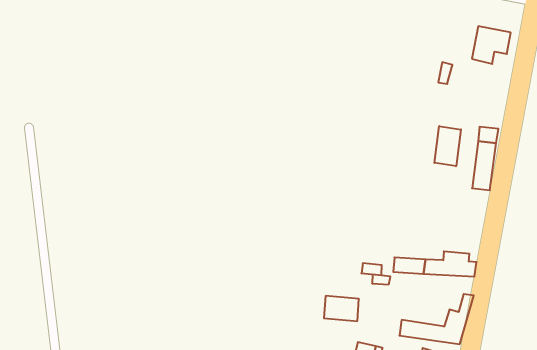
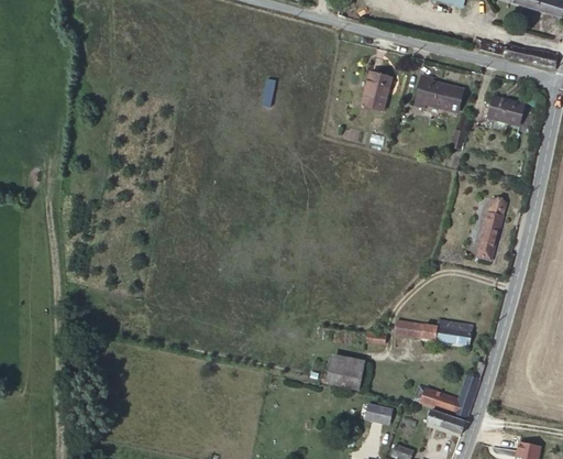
building: none -> [424,77,472,112]
building: none -> [363,74,394,113]
building: [434,126,461,166] -> none

